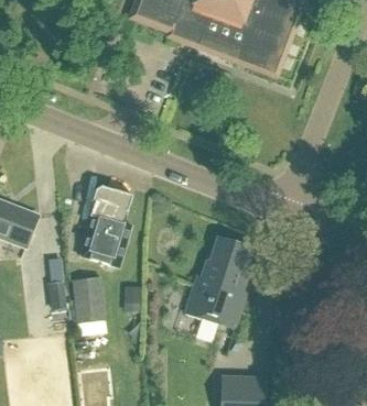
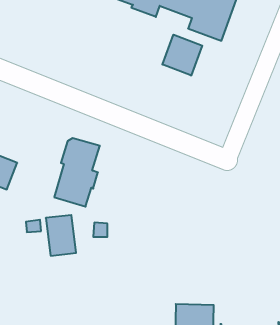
building: none -> [162,35,202,76]
building: [185,238,251,327] -> none

